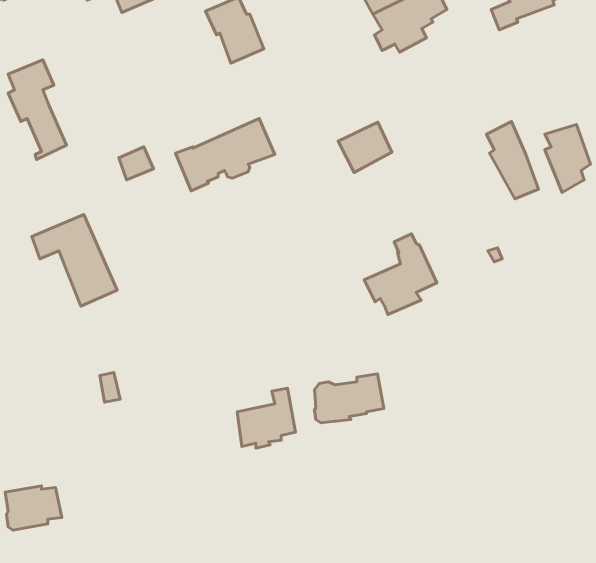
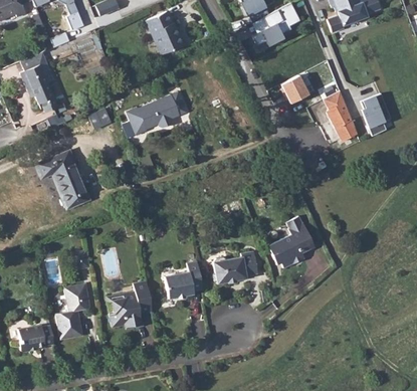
building: [338,122,392,173] -> [280,72,315,105]
building: [364,234,437,314] -> [268,216,315,267]
building: none -> [110,281,151,327]
building: none -> [55,286,90,339]

